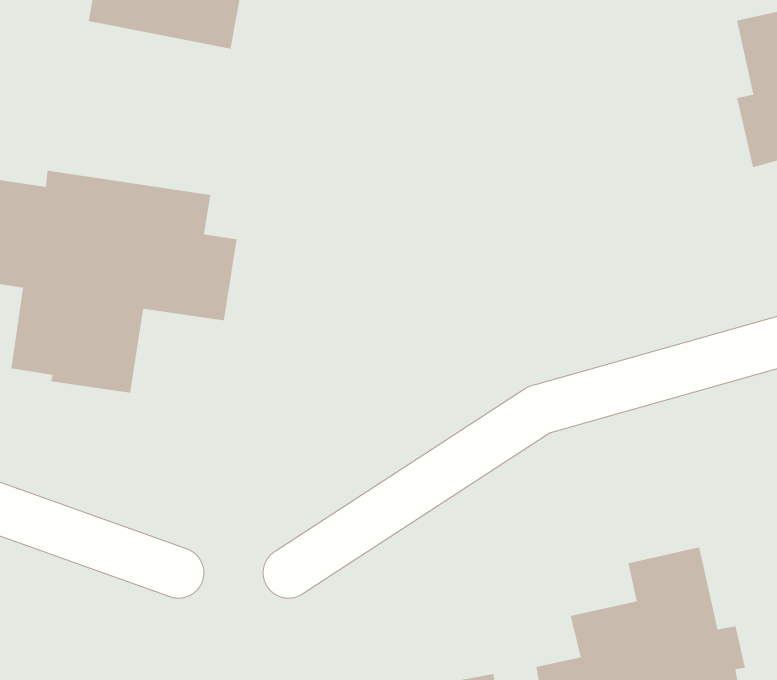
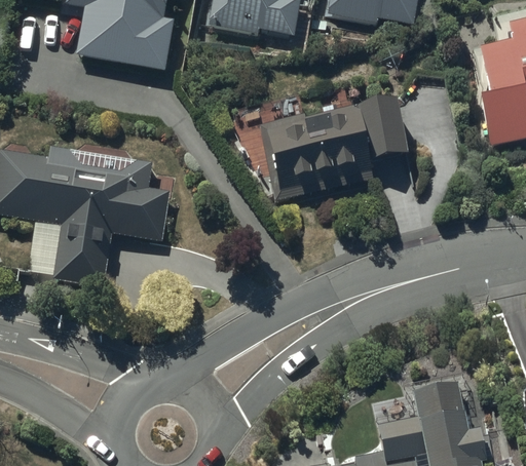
building: none -> [259,101,408,198]

